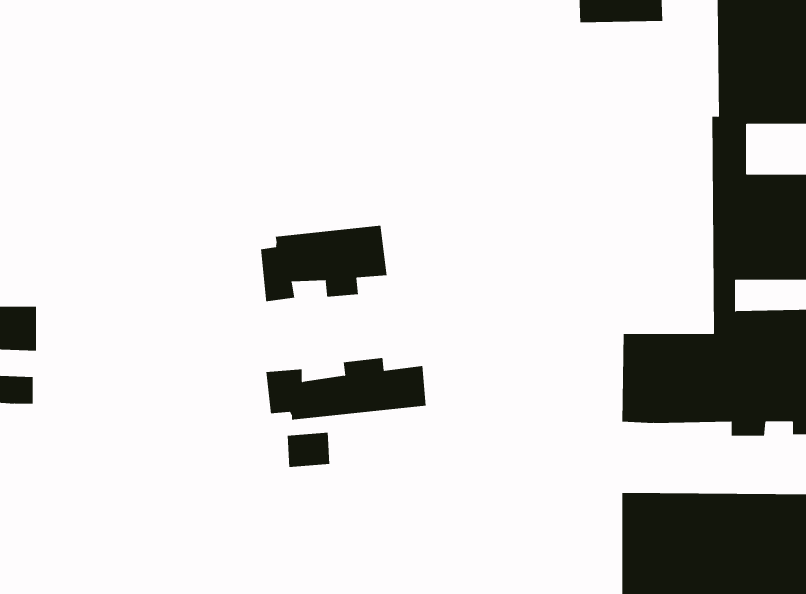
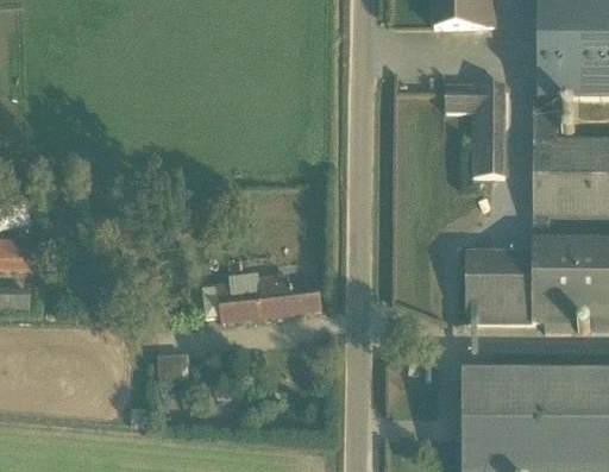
building: none -> [445,84,506,176]
building: [261,225,387,302] -> none
building: [287,432,330,468] -> [155,352,187,378]

